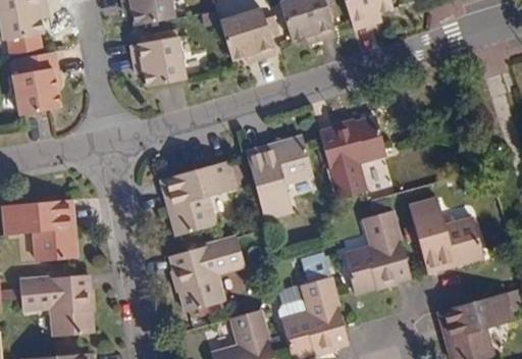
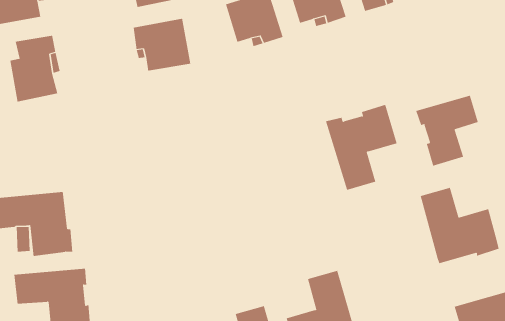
building: none -> [415,95,478,166]
building: [246,137,312,220] -> none
building: [161,160,233,237] -> none
building: [343,209,409,293] -> none
building: [168,238,243,313] -> none

